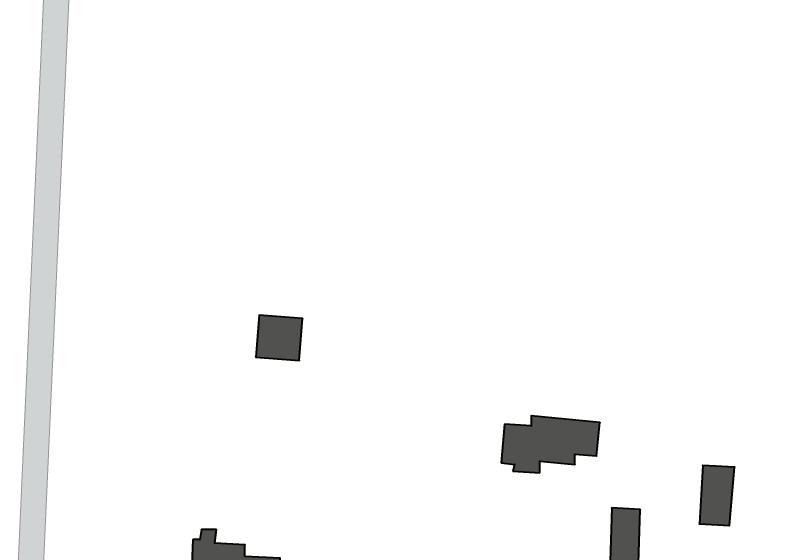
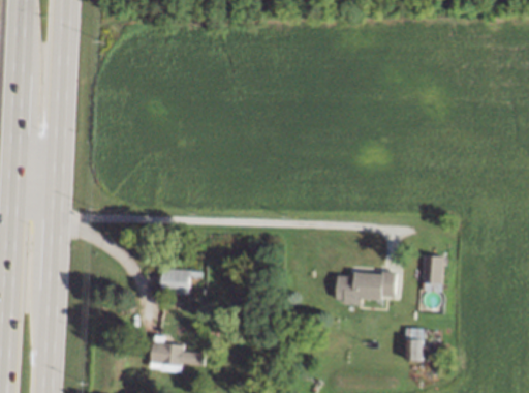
building: [256,315,303,360] -> [162,266,191,294]
building: [699,465,735,526] -> [423,255,444,293]

